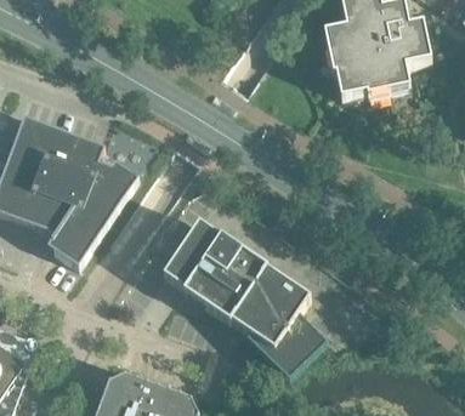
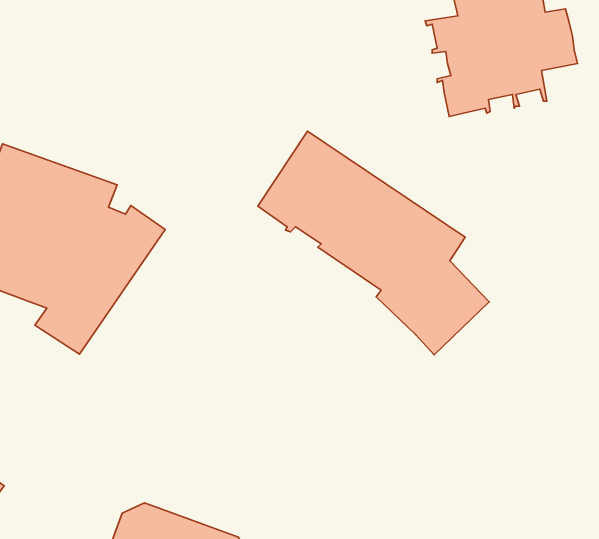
building: [163,220,327,378] -> [258,131,489,355]

